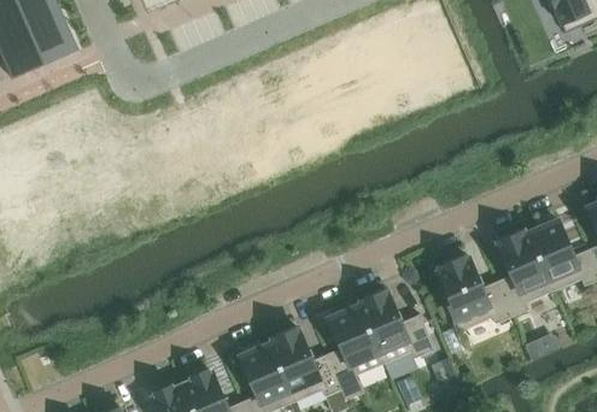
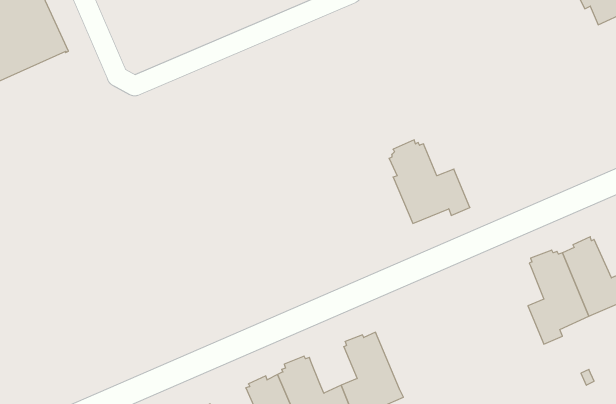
building: [438,254,511,330] -> [389,140,470,223]
building: [358,288,434,364] -> none

